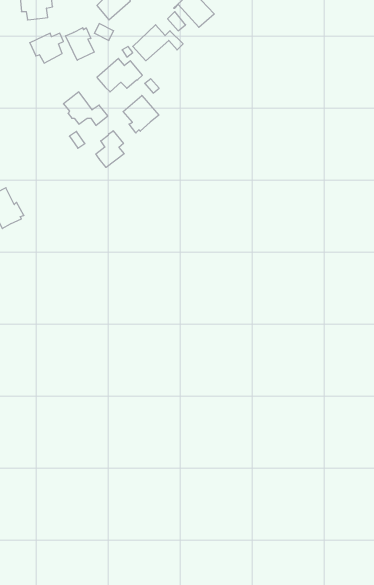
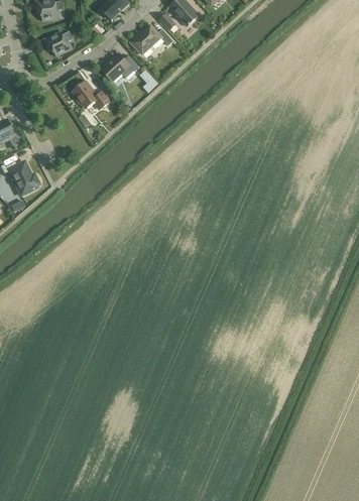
building: [66,28,94,60] -> none
building: [123,95,159,133] -> none
building: [96,131,124,167] -> none

